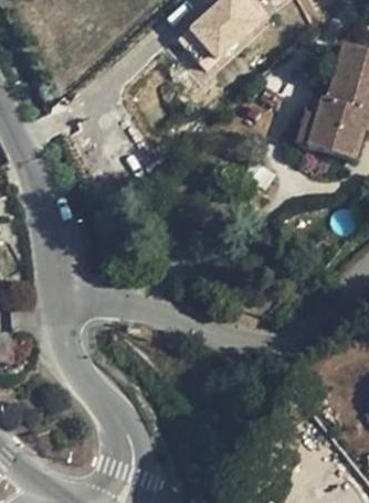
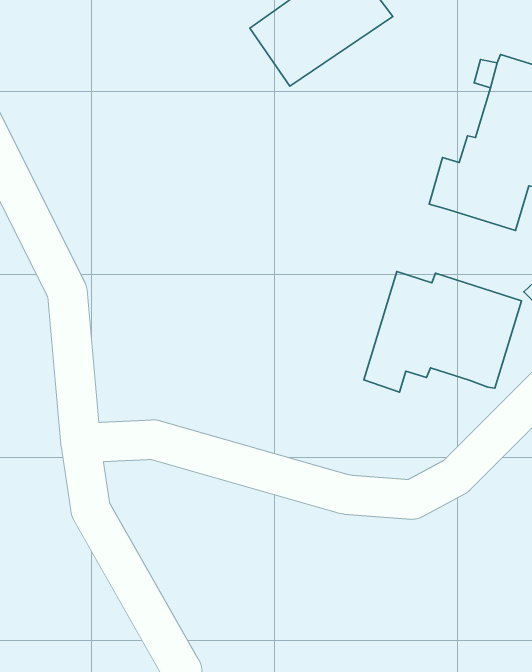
building: none -> [364,272,522,392]

